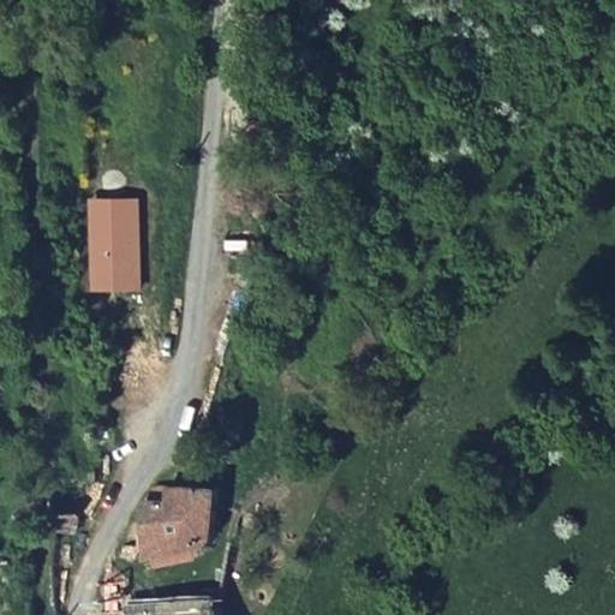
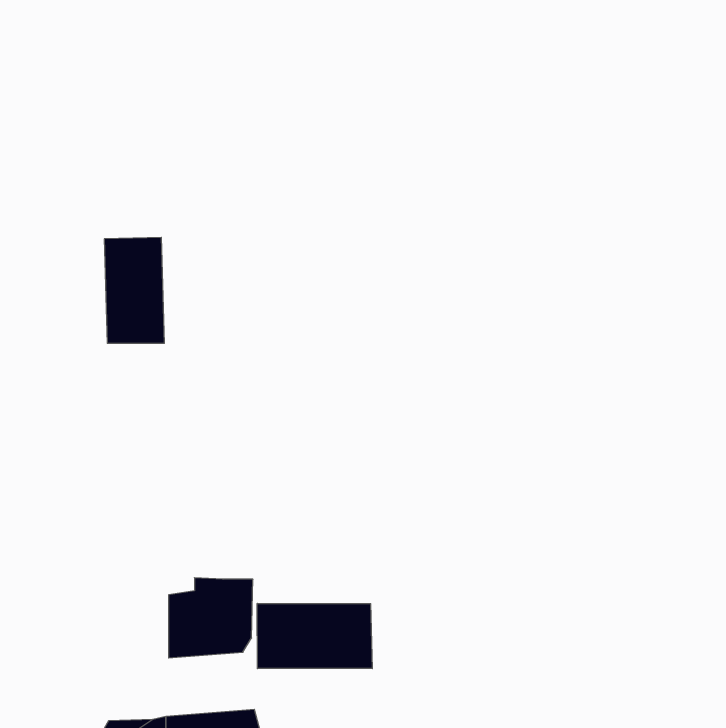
building: none -> [257,603,372,669]

